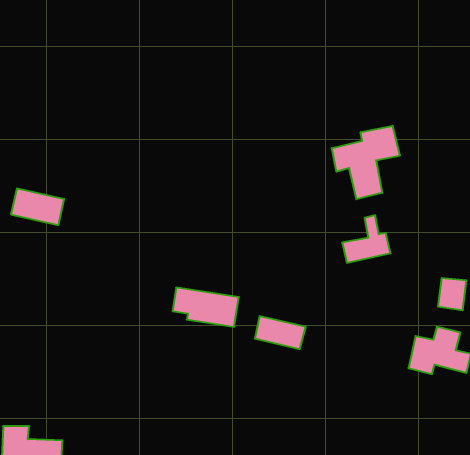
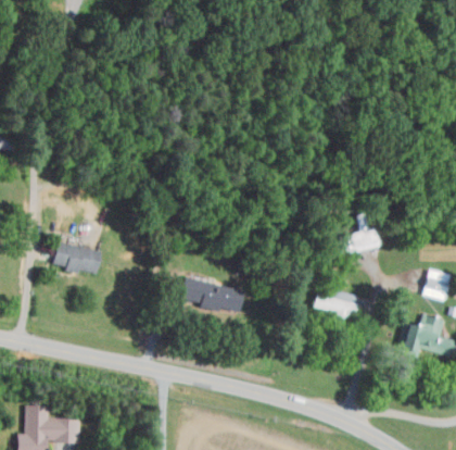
building: [332,126,400,199] -> none
building: [11,188,64,225] -> [52,241,101,275]
building: [255,316,306,349] -> [313,288,359,318]

